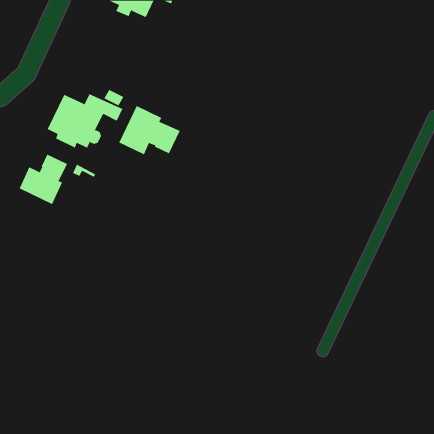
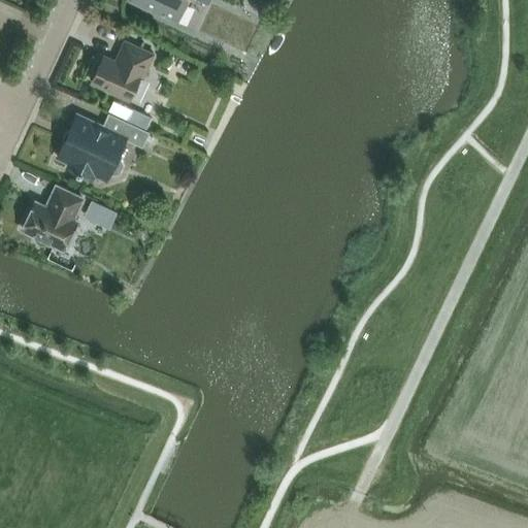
building: none -> [92,40,154,100]
building: [119,105,180,155] -> none

